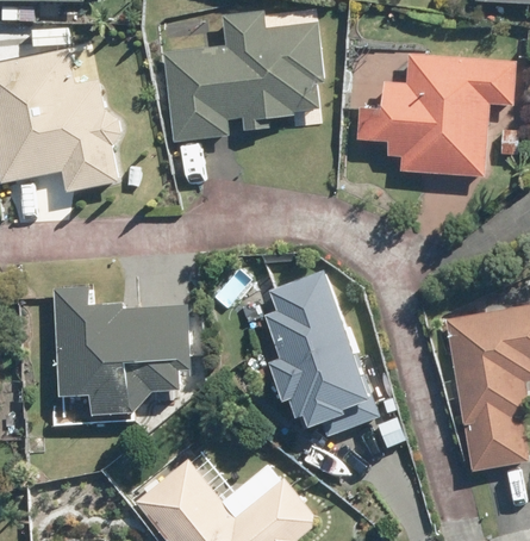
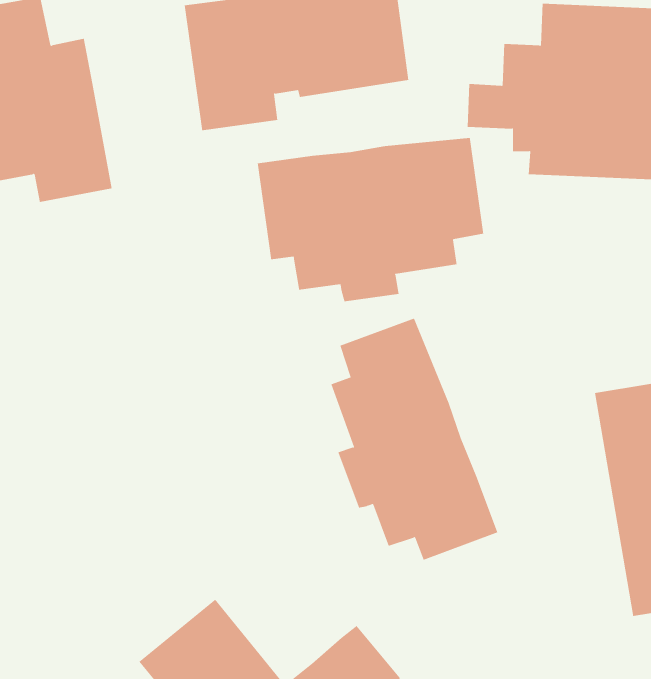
building: none -> [257,137,484,302]
building: [52,286,188,413] -> none

